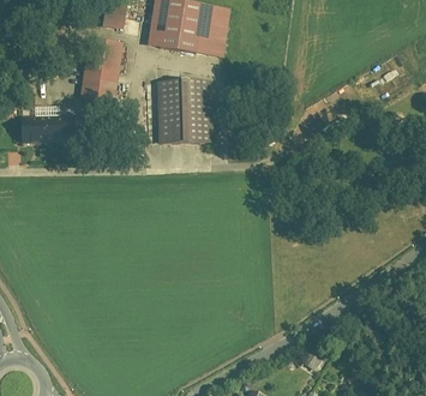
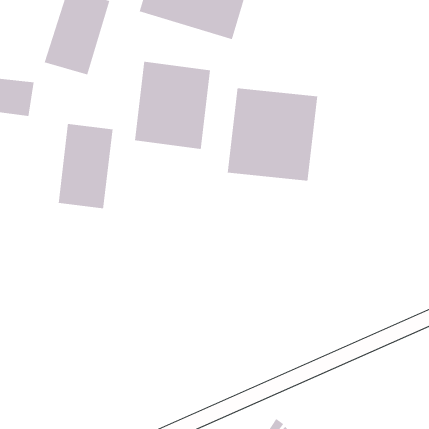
building: none -> [227,87,318,181]
building: none -> [58,123,113,209]

